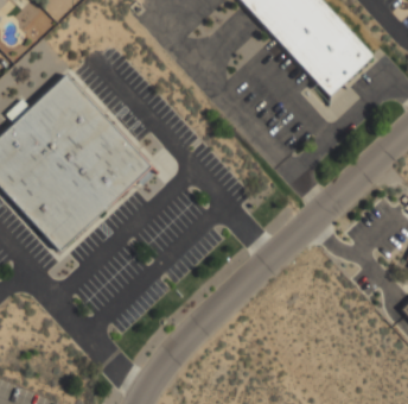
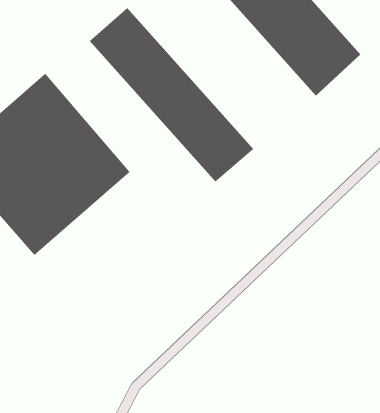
building: none -> [89,7,254,183]

